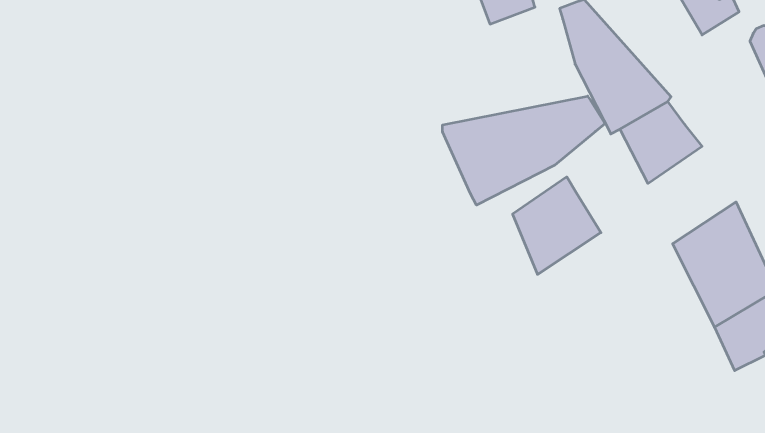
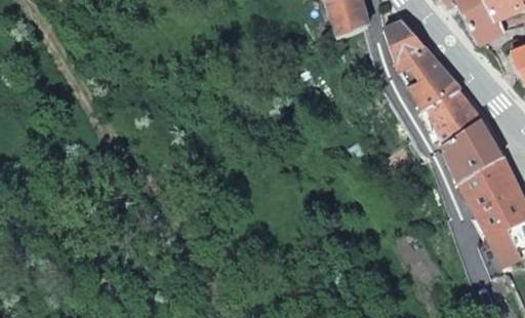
building: [443,96,605,205] -> none
building: [513,177,601,274] -> [444,119,502,184]

